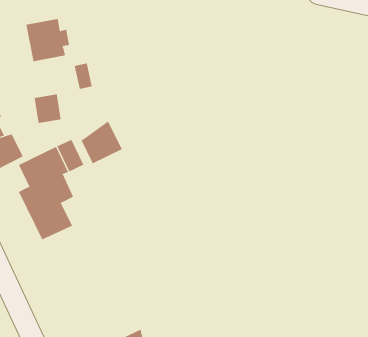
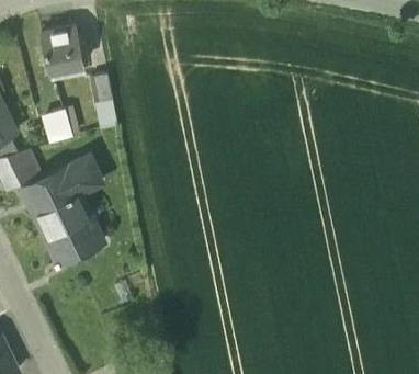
building: [81,121,123,164] -> none

